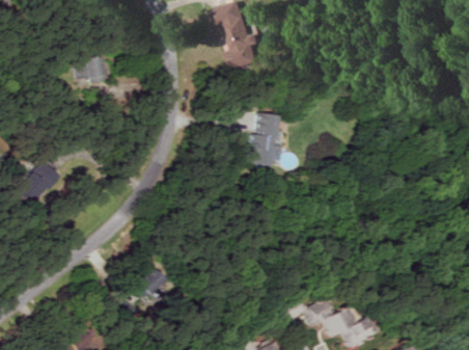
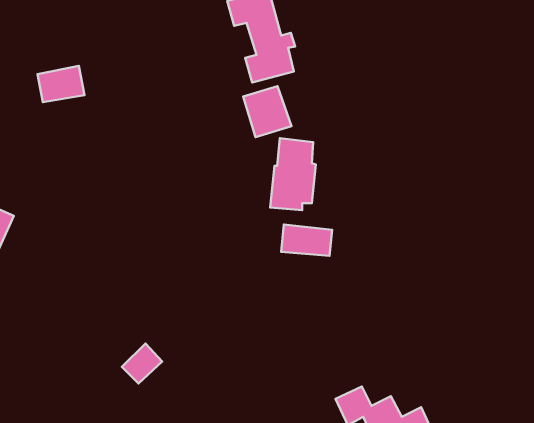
building: none -> [243,86,291,137]
building: none -> [281,225,332,256]

